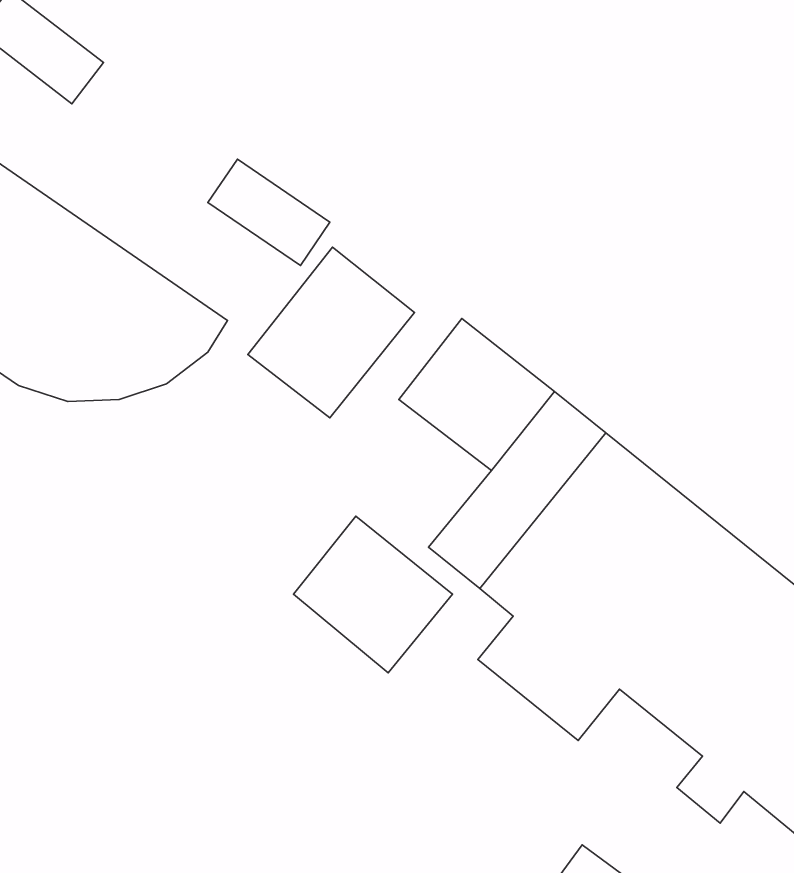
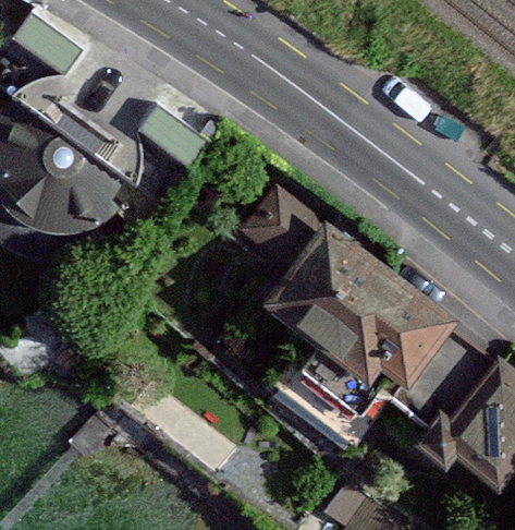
building: [248,247,415,418] -> none
building: [294,516,452,673] -> none

